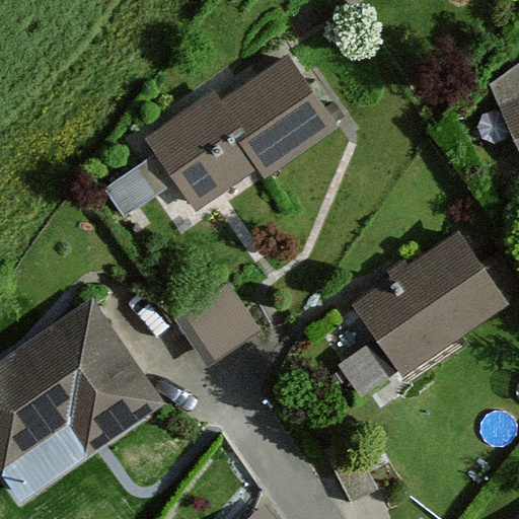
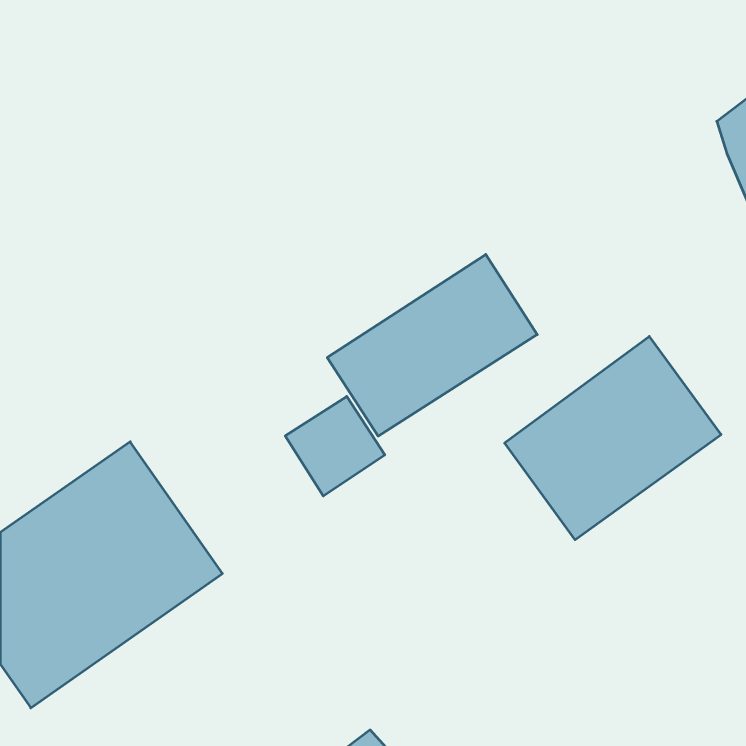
building: [146,64,327,213] -> none
building: none -> [327,254,537,436]

